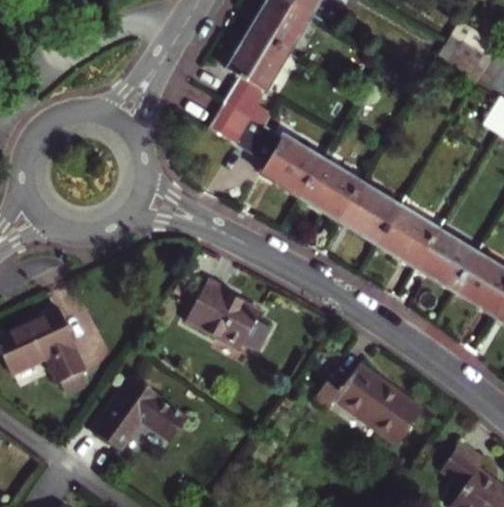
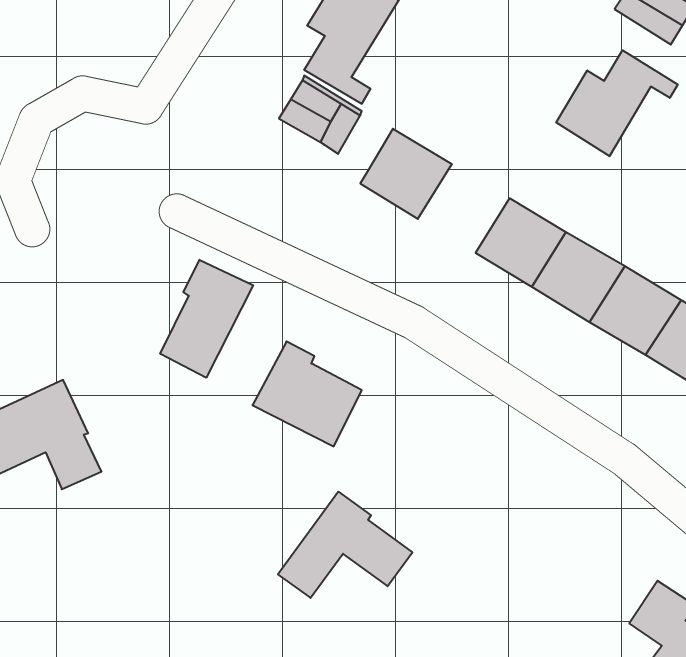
building: none -> [556,50,678,156]
building: [301,161,363,221] -> none
building: none -> [160,260,253,378]
building: [319,366,425,445] -> none
building: [101,379,192,451] -> [278,492,412,598]

